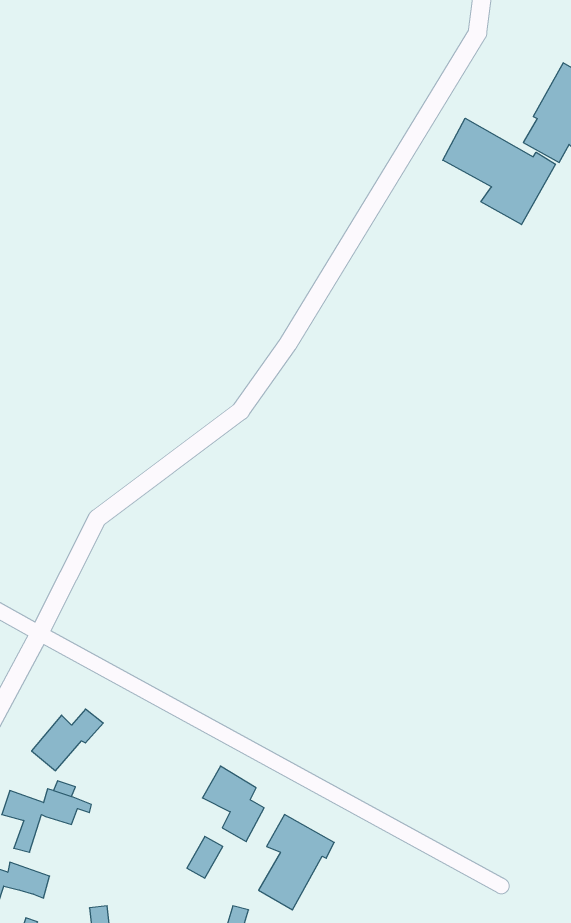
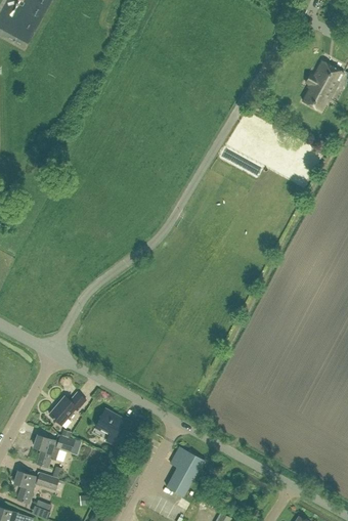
building: [443,118,555,225] -> none
building: [202,766,264,842] -> [95,408,127,447]

